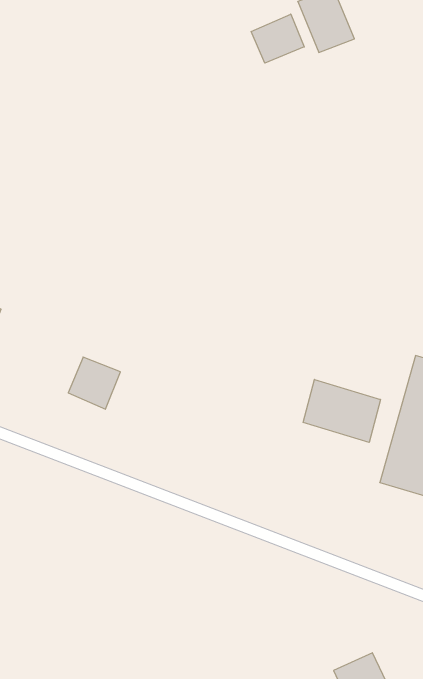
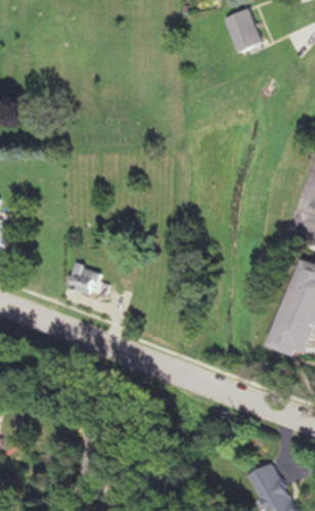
building: [251,14,304,63] -> none
building: [303,379,380,442] -> none

